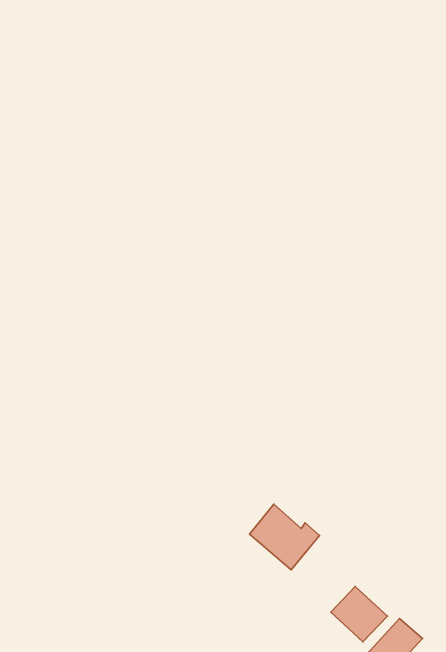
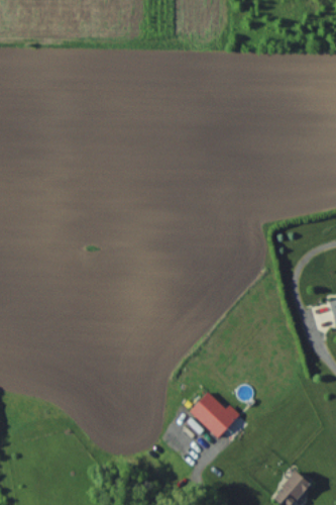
building: [331,586,387,642] -> none

